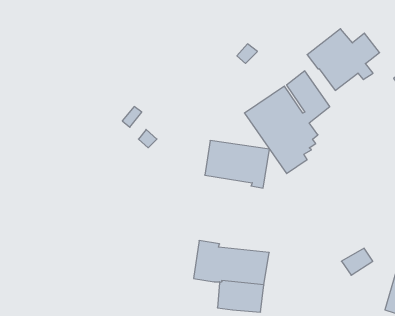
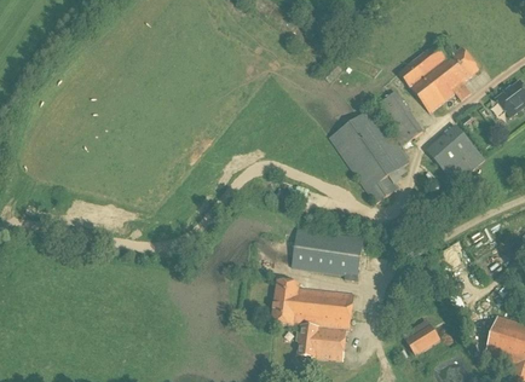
building: none -> [425,125,485,185]
building: [205,141,270,188] -> [290,227,363,280]
building: [341,248,373,275] -> [404,325,439,355]

